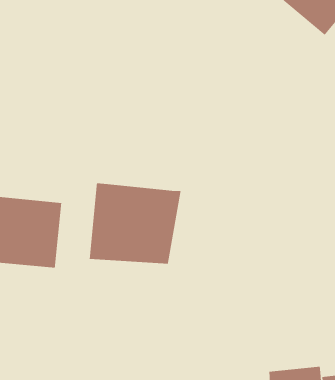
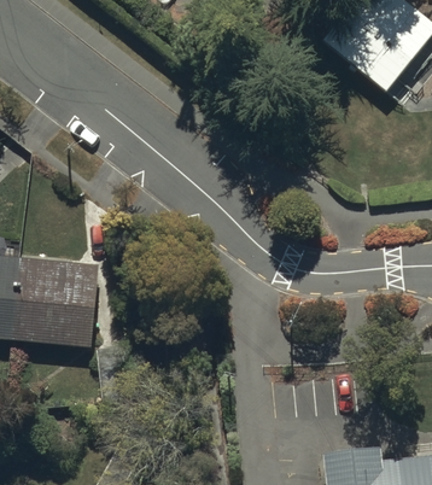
building: [89,182,181,265] -> none

